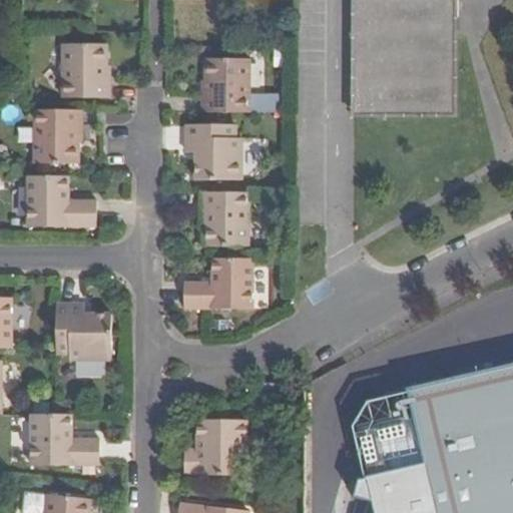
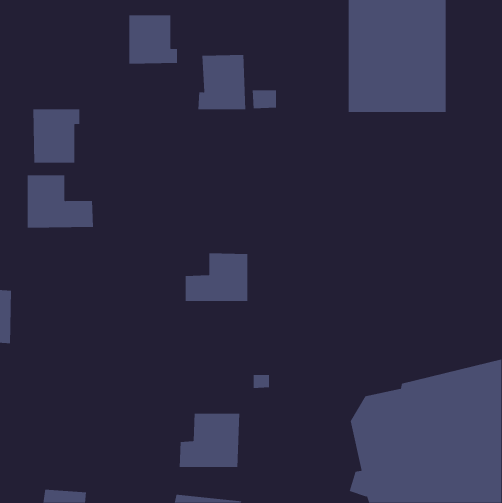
building: [61,48,111,98] -> [129,15,178,64]
building: [187,120,243,176] -> none
building: [197,192,248,245] -> none
building: [56,304,111,360] -> none
building: [31,415,100,468] -> none

